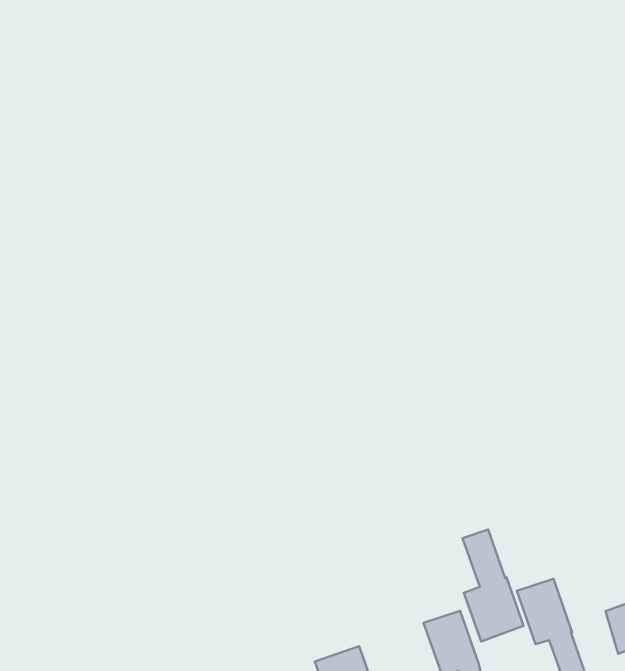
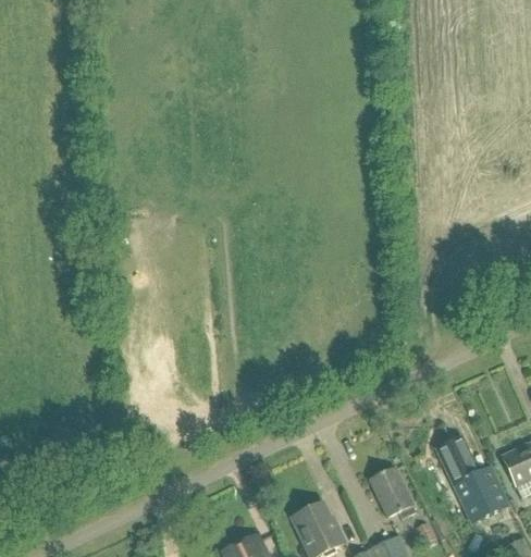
building: [463,529,524,642] -> none

